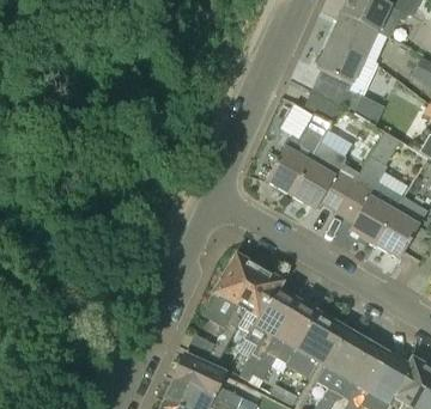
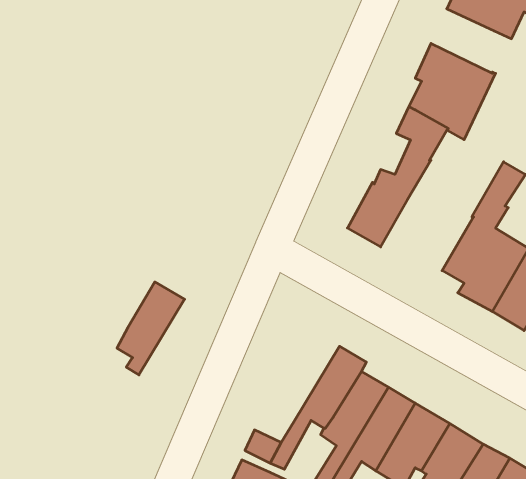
building: [329,13,377,62] -> none
building: [291,128,362,212] -> none
building: [208,256,260,326] -> [117,282,185,375]

